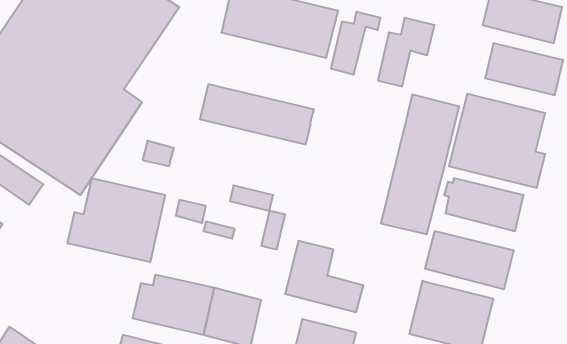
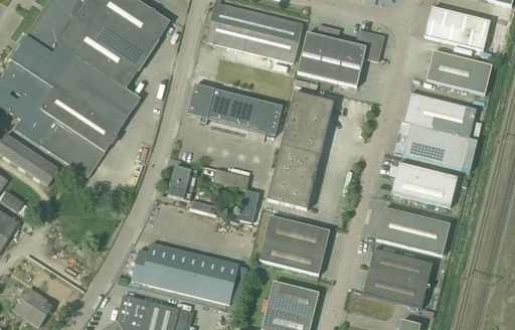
building: none -> [317,36,346,81]
building: [381,94,459,234] -> [269,92,334,208]
building: [143,141,174,166] -> [171,165,197,186]
building: [68,178,165,262] -> none
building: none -> [295,222,330,253]

